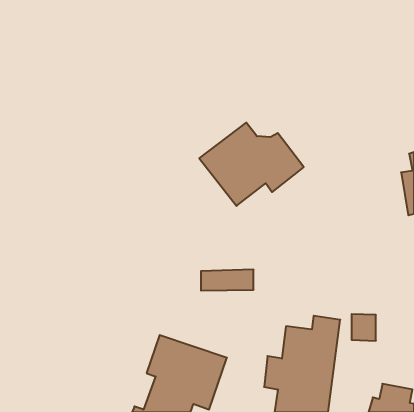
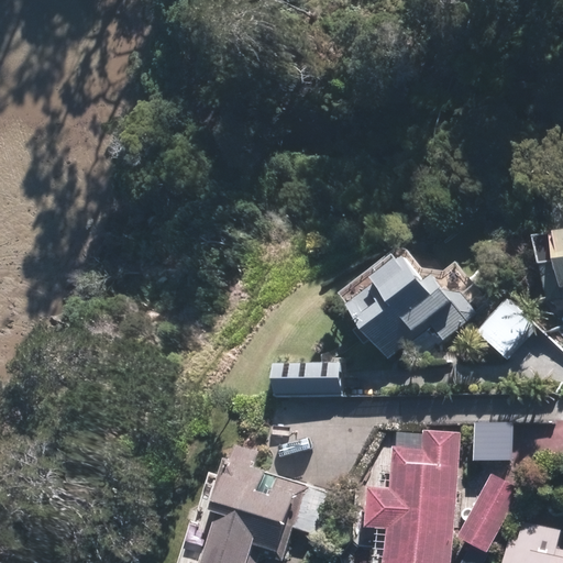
building: [199,123,304,206] -> [342,249,484,362]
building: none -> [476,301,534,360]
building: none -> [457,476,520,555]

